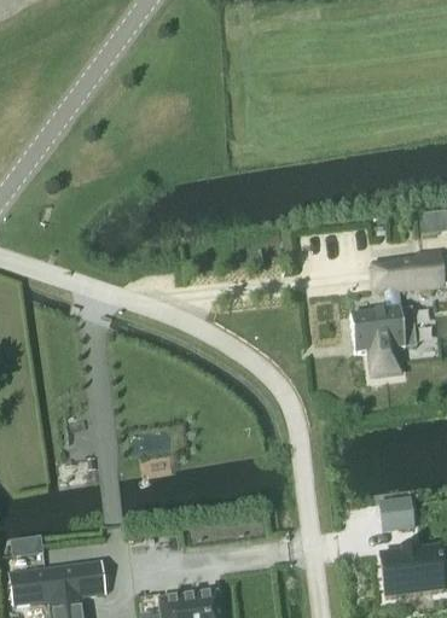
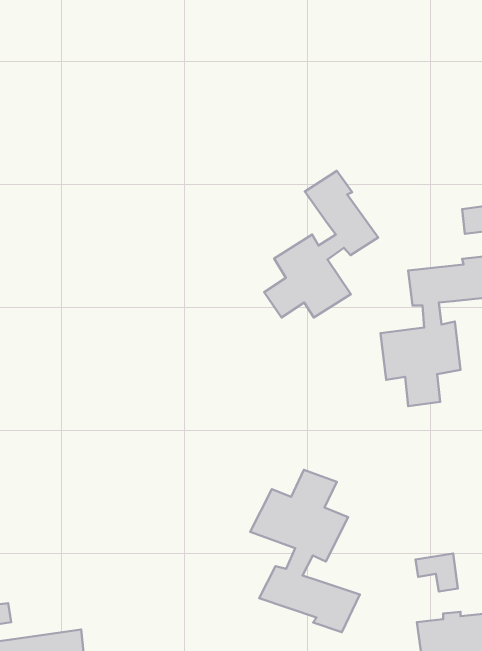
building: none -> [264,171,378,318]
building: none -> [250,470,360,632]

